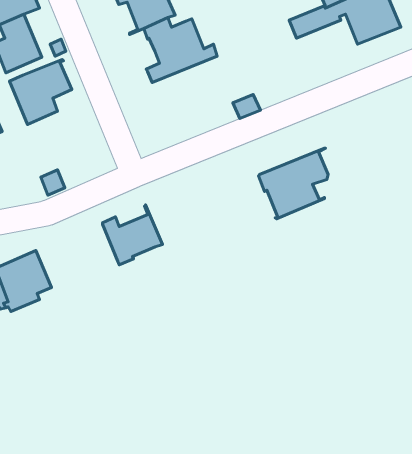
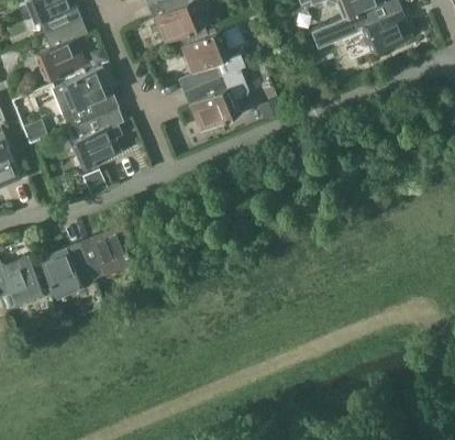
building: none -> [70,108,122,166]
building: [258,148,328,219] -> [184,64,247,129]
building: [102,205,162,265] -> [78,224,133,279]

